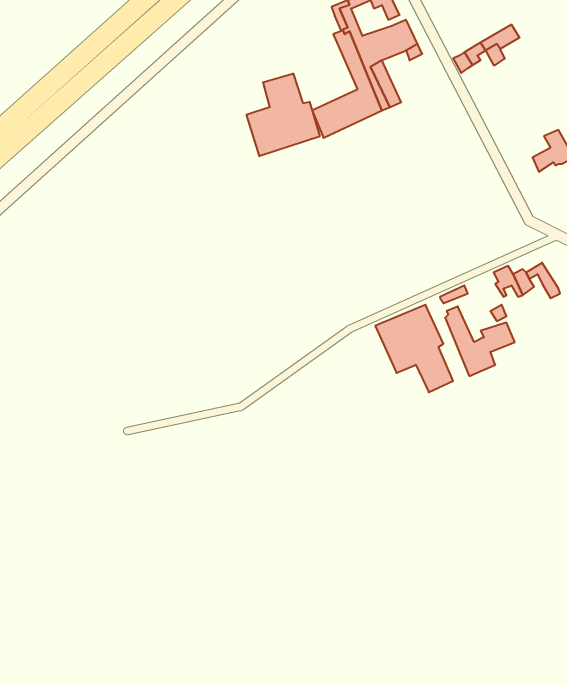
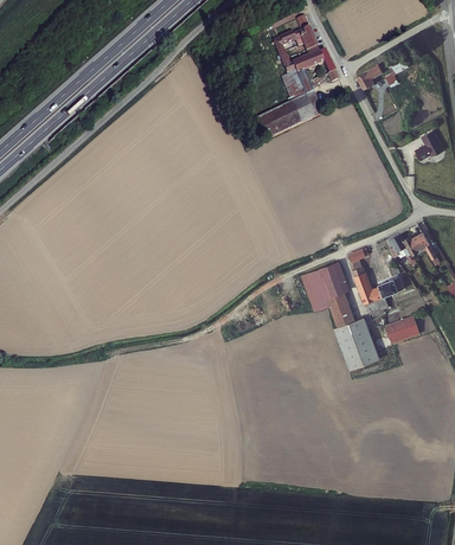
building: [247,73,320,156] -> none
building: none -> [385,313,419,340]
building: none -> [337,321,380,373]

